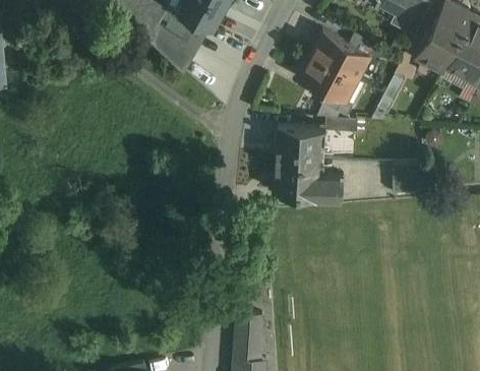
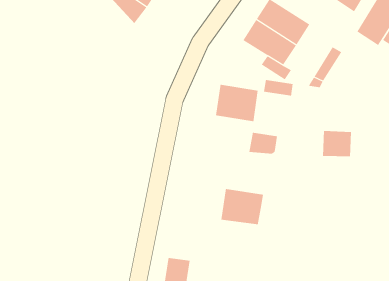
building: [275,158,318,193] -> [221,188,264,225]

